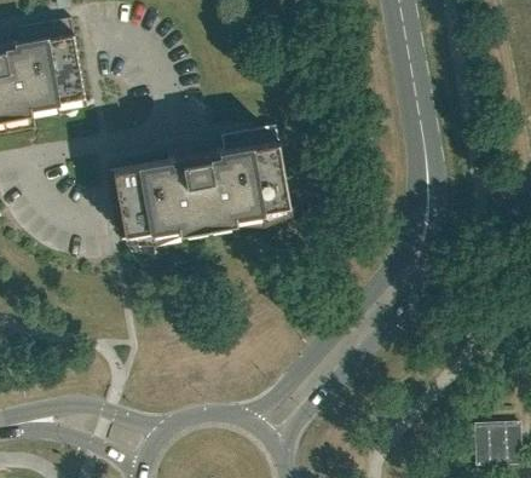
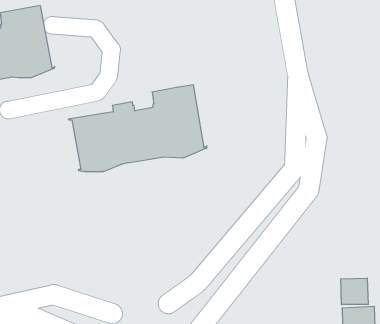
building: none -> [341,278,368,305]

